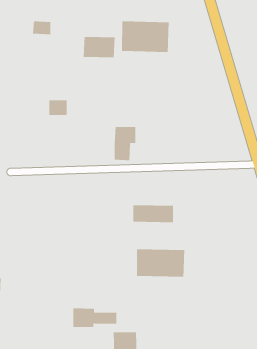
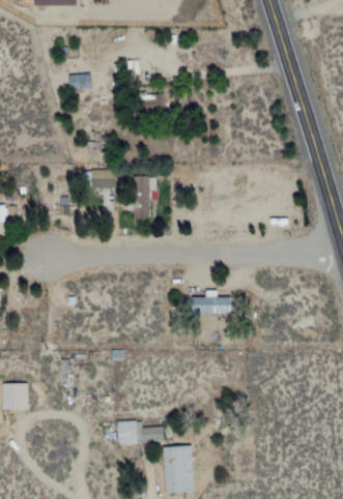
building: [122,21,169,53] -> none
building: [114,126,136,161] -> [131,178,158,219]
building: [137,249,185,277] -> none

